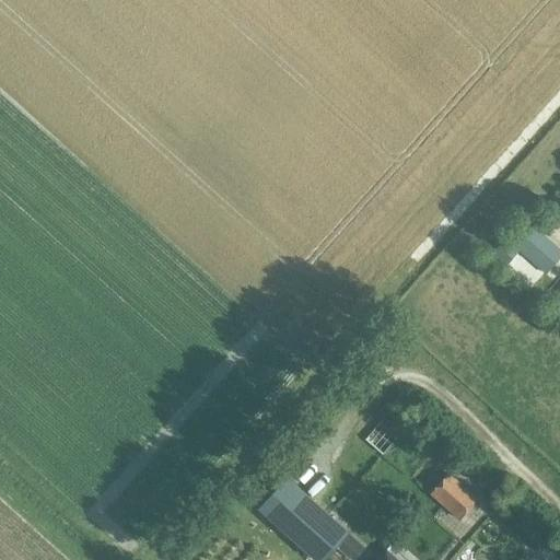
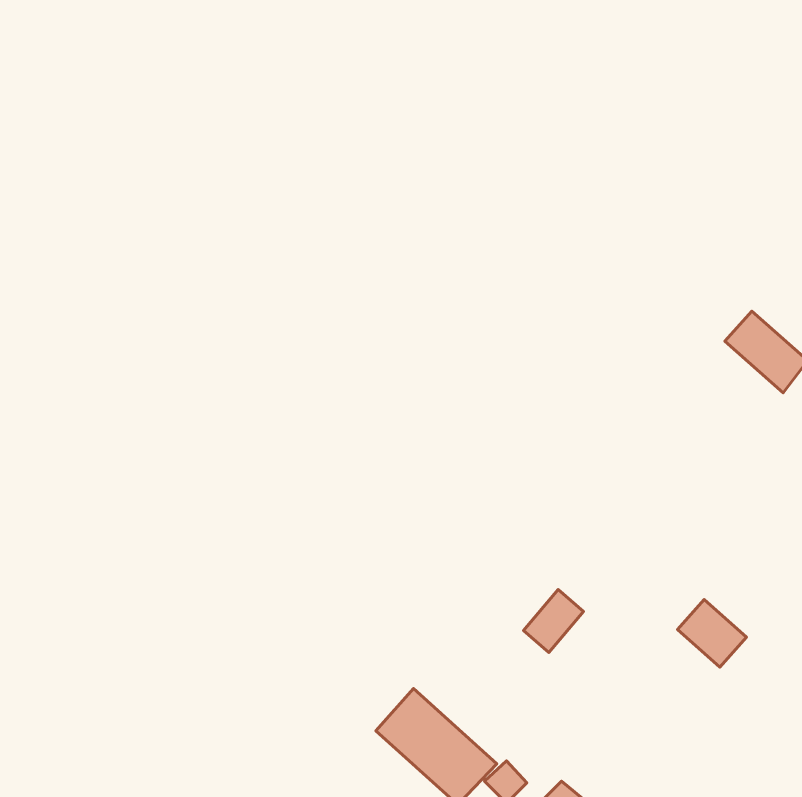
building: [431,472,479,520] -> [677,599,747,667]

